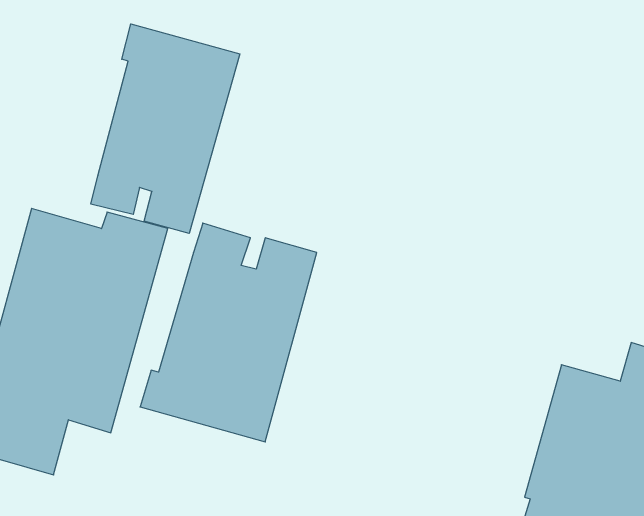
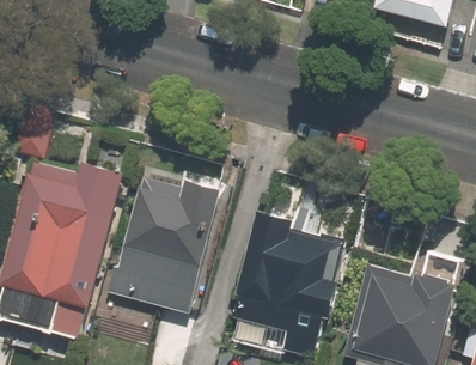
building: [91,24,240,233] -> none
building: none -> [234,212,343,357]

